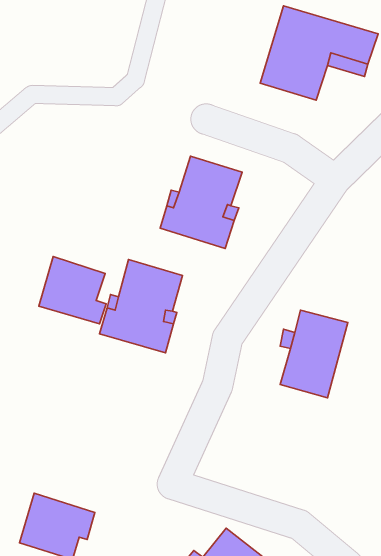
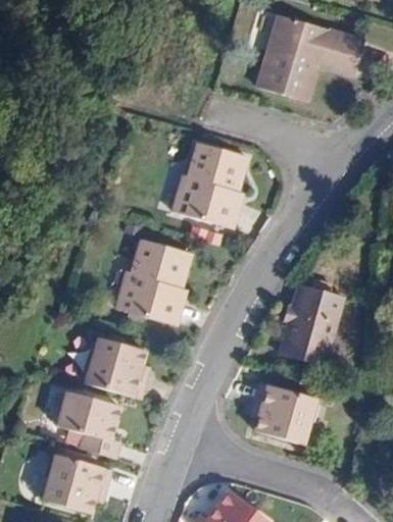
building: [39,257,106,324] -> [86,340,147,401]
building: none -> [254,381,315,443]
building: none -> [59,390,125,459]

